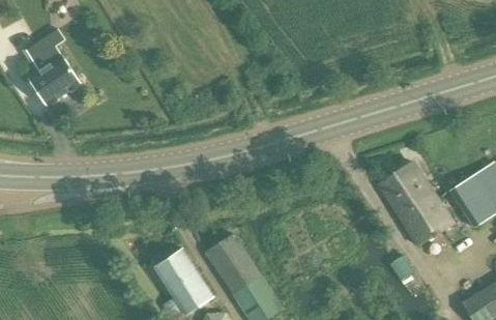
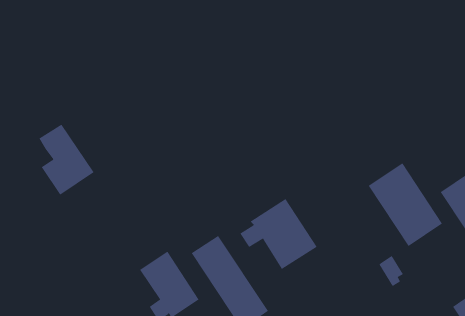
building: [24,34,79,105] -> [39,124,95,195]
building: none -> [239,198,317,270]

